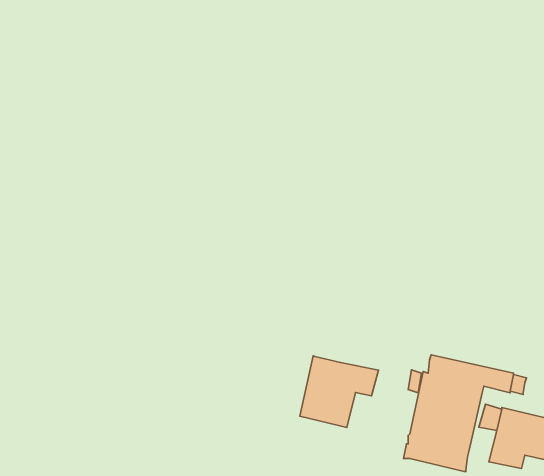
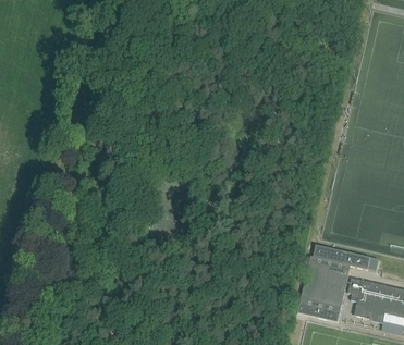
building: [300,356,379,427] -> none

